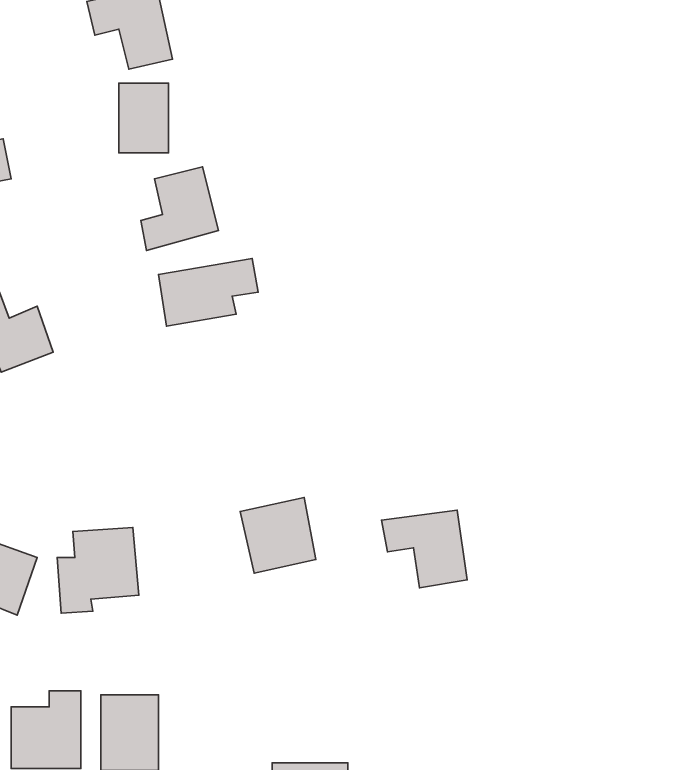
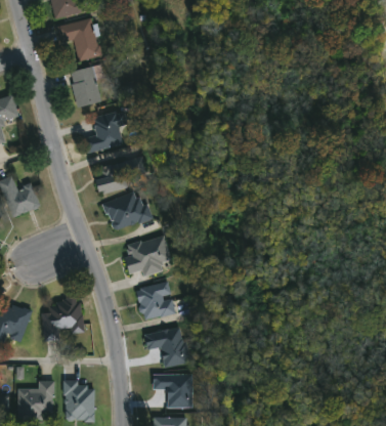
building: none -> [101,188,152,231]
building: none -> [123,235,172,278]
building: [382,510,467,588] -> [144,329,188,369]
building: none -> [154,376,194,409]

